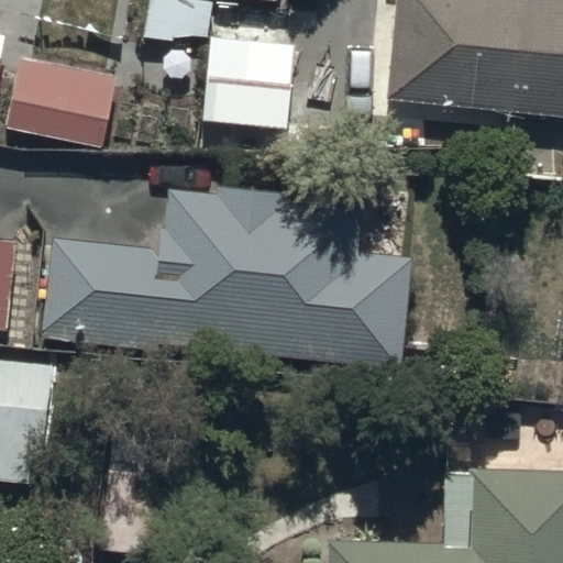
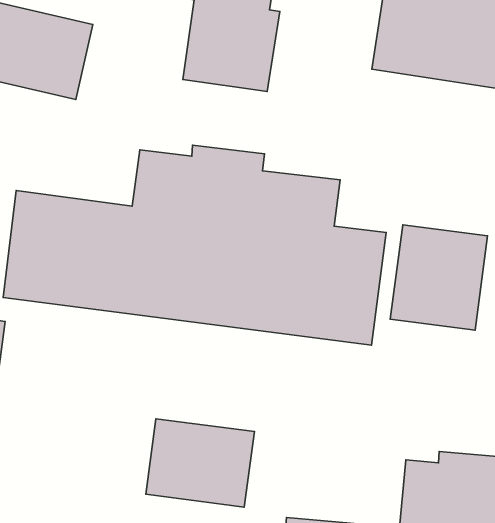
building: none -> [390,225,488,330]
building: none -> [146,419,254,507]

